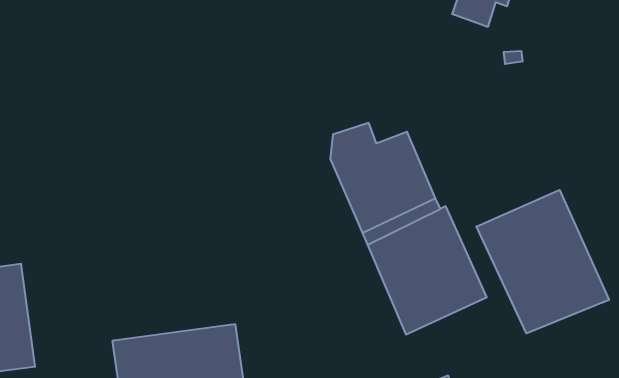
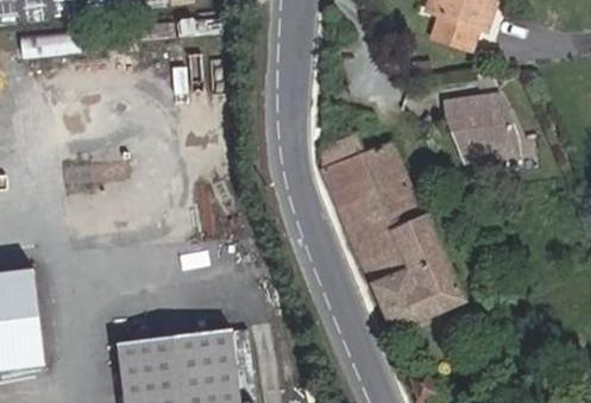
building: none -> [447,95,523,162]
building: [476,190,609,333] -> none

